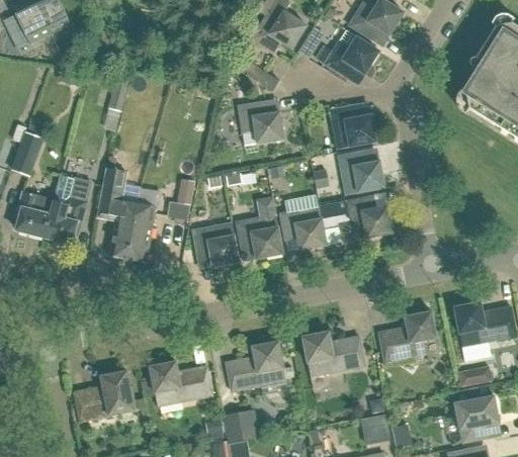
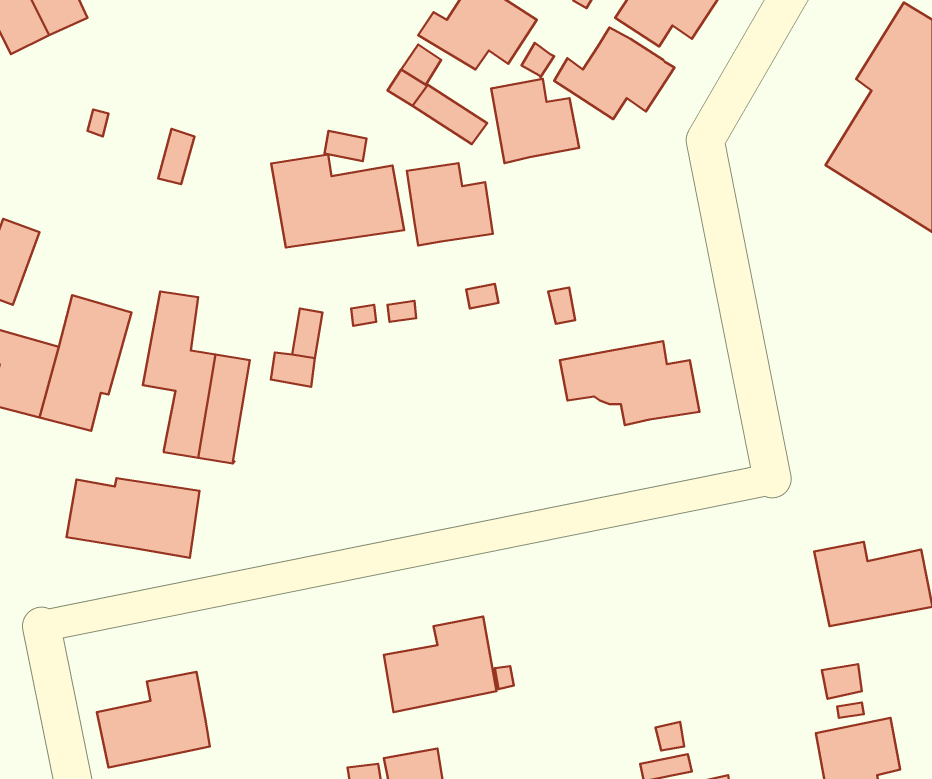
building: none -> [271,154,404,248]
building: [329,104,375,149] -> [491,79,579,163]
building: [338,150,384,194] -> none
building: [236,195,282,258] -> none
building: [279,205,327,250] -> none
building: [192,221,239,266] -> none
building: none -> [67,478,200,558]
building: [378,310,436,361] -> none
building: [301,331,364,375] -> none
building: [149,361,211,405] -> none

